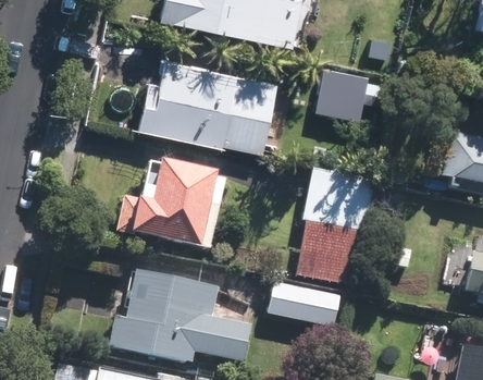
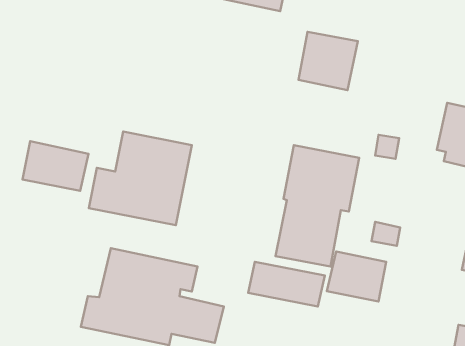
building: [137,57,283,151] -> none
building: none -> [22,141,88,191]
building: none -> [327,251,386,301]

